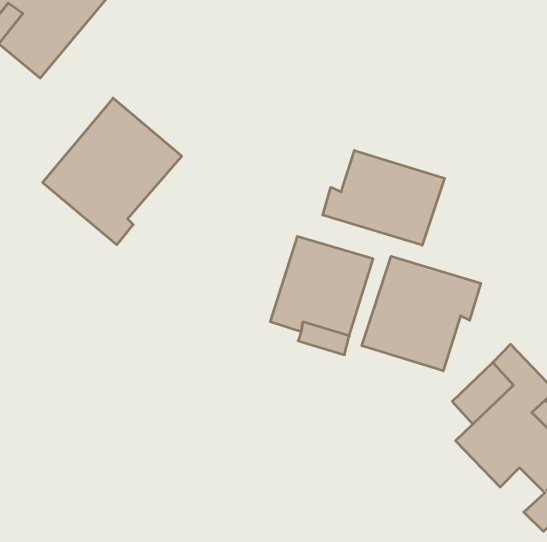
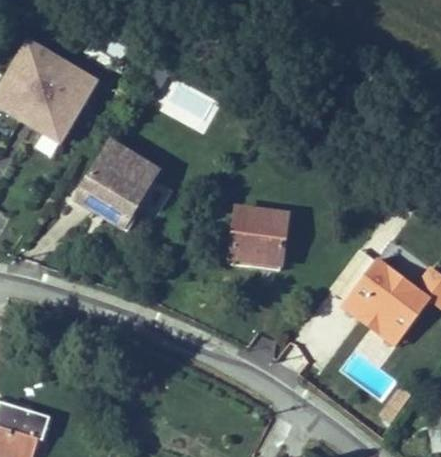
building: [323,150,445,245] -> none
building: [362,256,481,371] -> none

